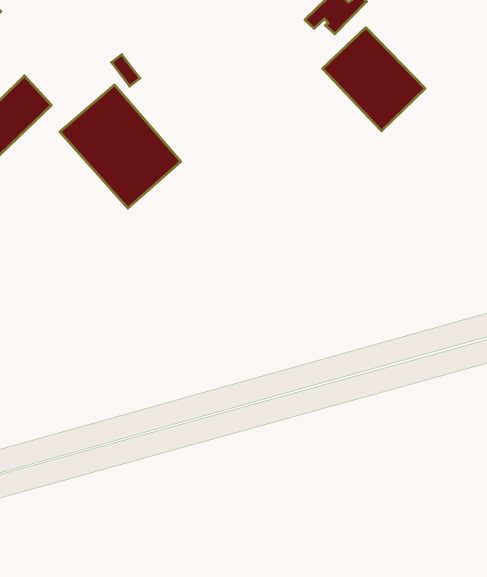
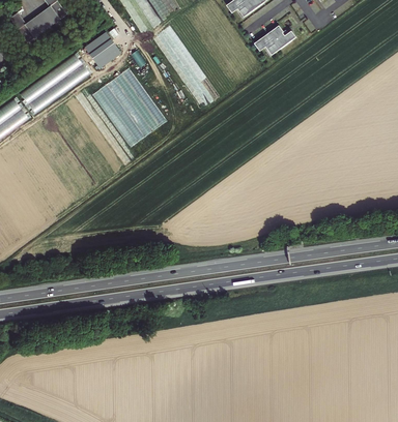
building: [323,28,425,131] -> none
building: none -> [85,32,121,68]

